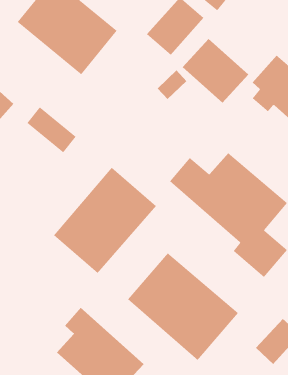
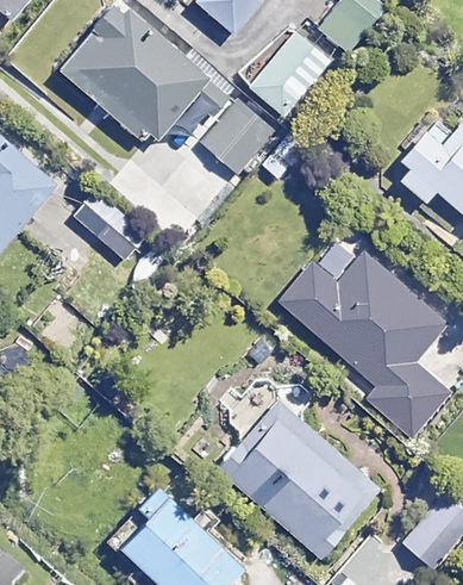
building: [182,38,249,104] -> none
building: none -> [205,101,275,172]
building: [53,167,157,274] -> none

